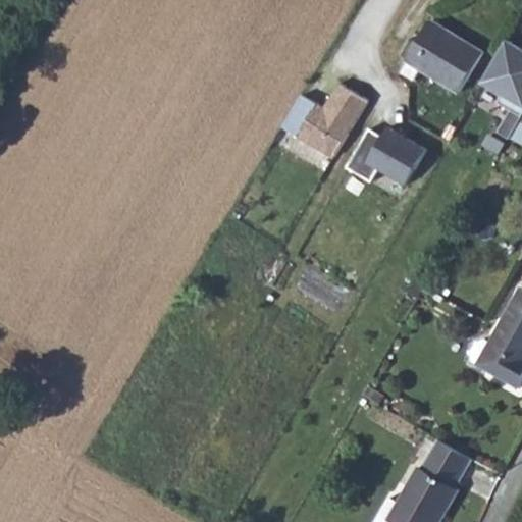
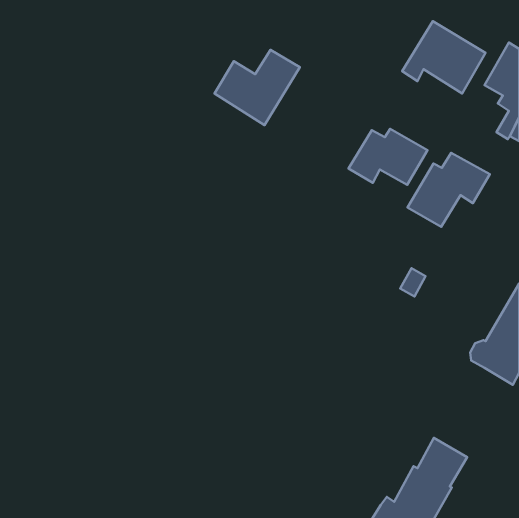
building: [282,83,368,158] -> [215,50,300,125]
building: none -> [407,153,490,227]

